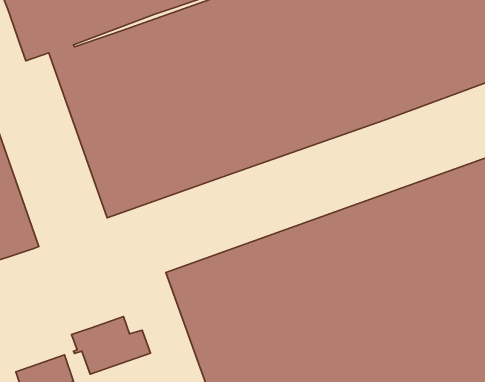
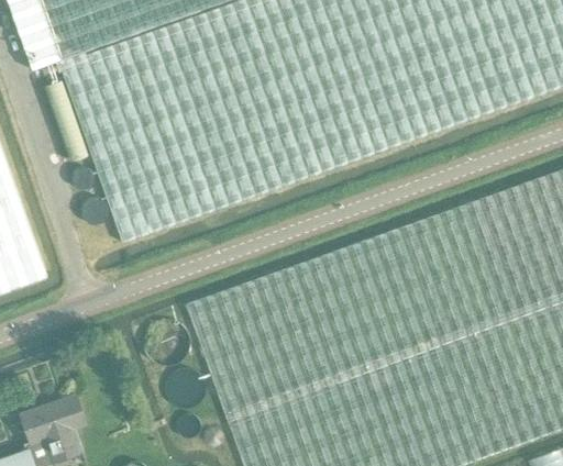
building: [71,317,151,374] -> none

